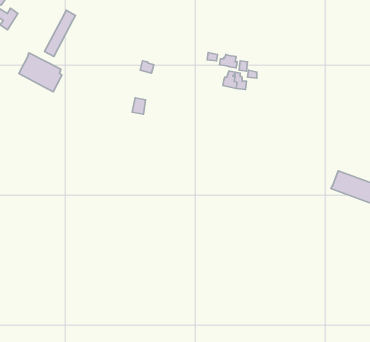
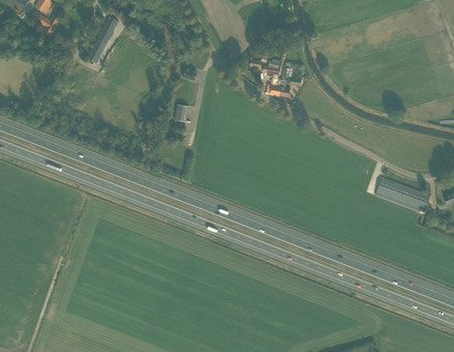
building: [19,53,62,92] -> none

